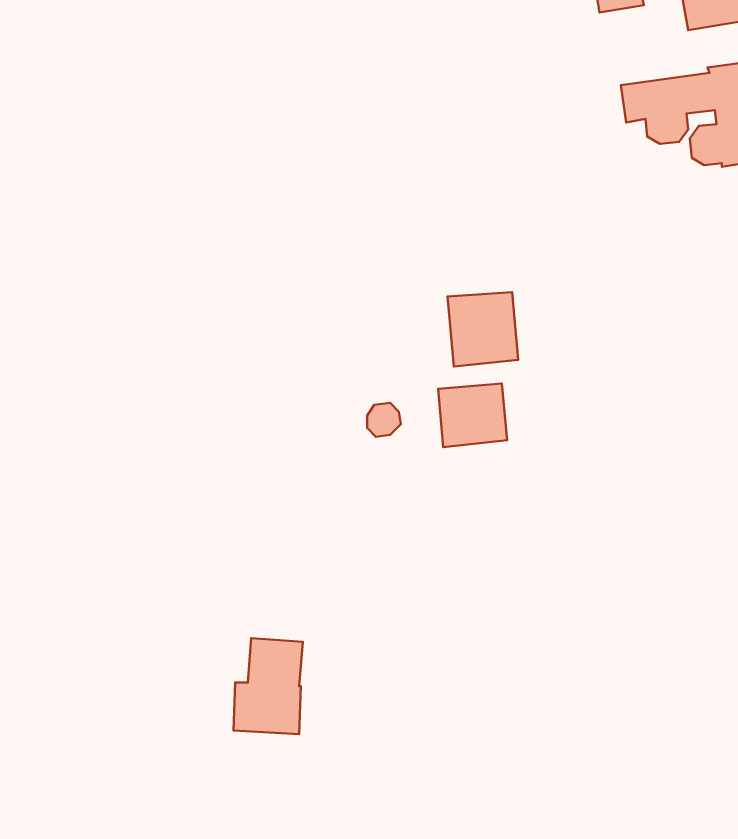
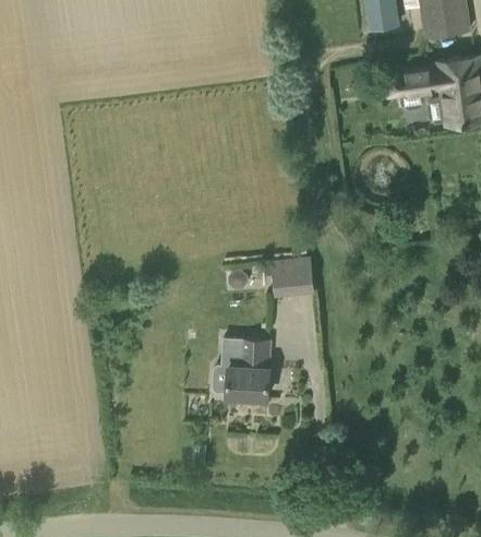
building: [447,292,518,366] -> none
building: [233,638,303,734] -> [227,337,269,396]

